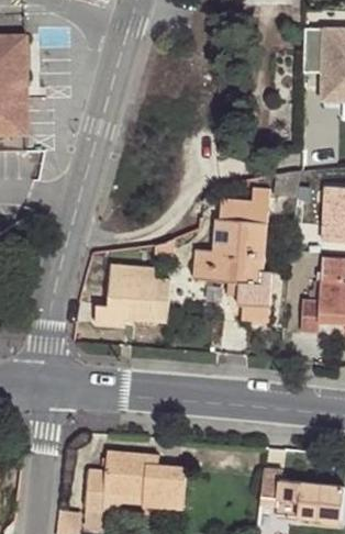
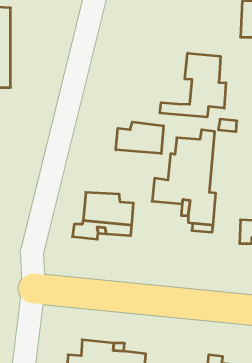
building: none -> [160,53,226,117]
building: none -> [116,122,163,154]

